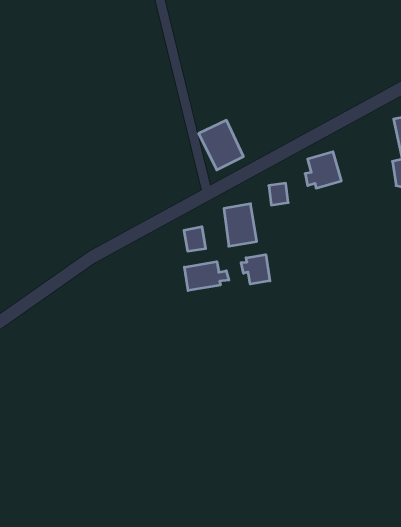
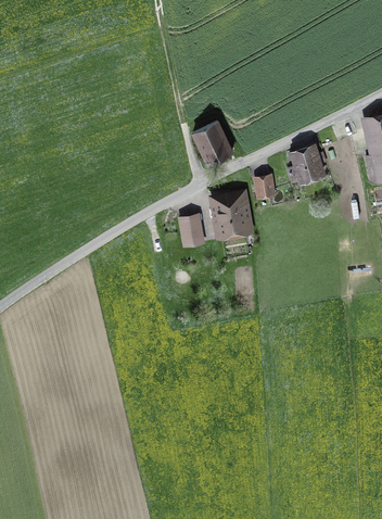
building: [241,255,270,284] -> none
building: [184,262,229,291] -> none

